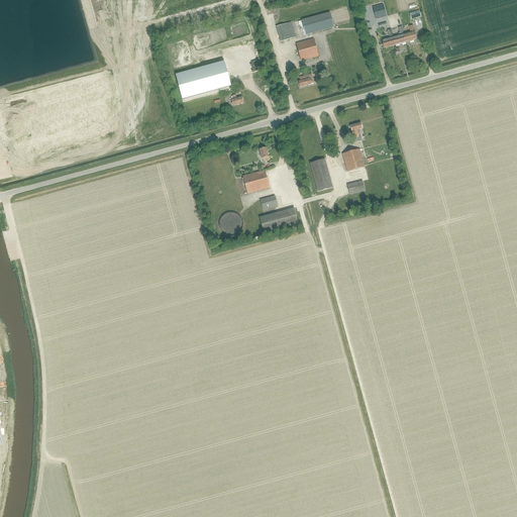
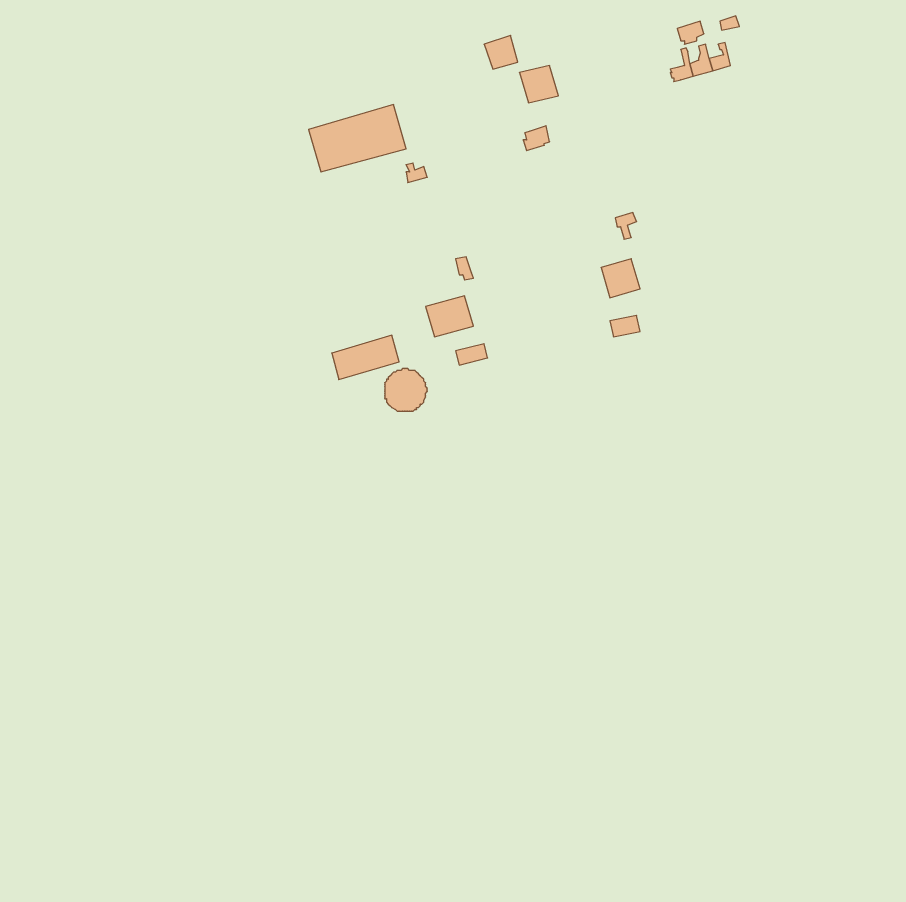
building: [301,10,333,33] -> none
building: [310,158,332,190] -> none
building: [260,206,298,231] -> [332,335,399,380]

